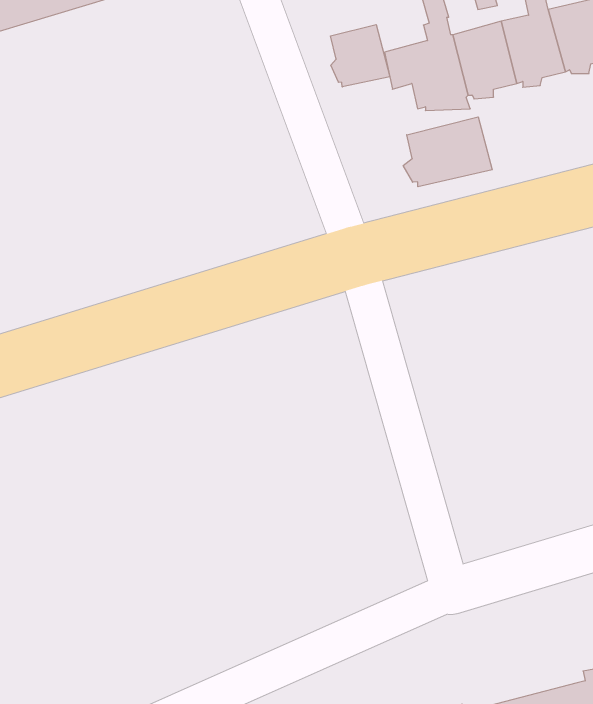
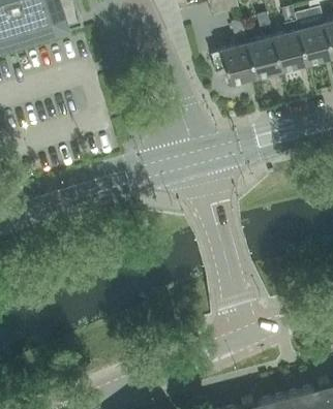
building: [331,25,390,87] -> none
building: [403,117,492,187] -> none

